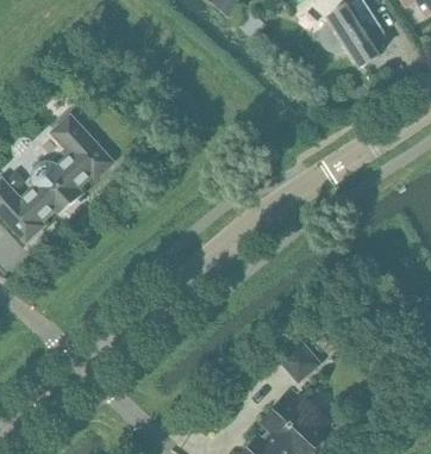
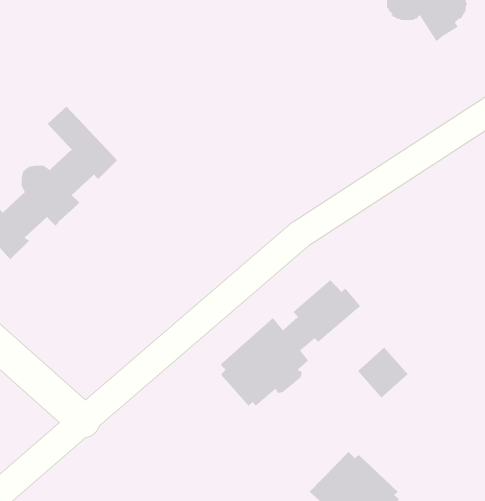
building: none -> [220,279,361,406]
building: [279,340,319,380] -> [357,347,409,398]

